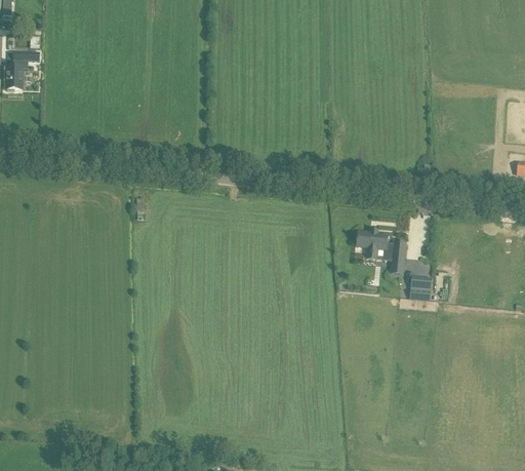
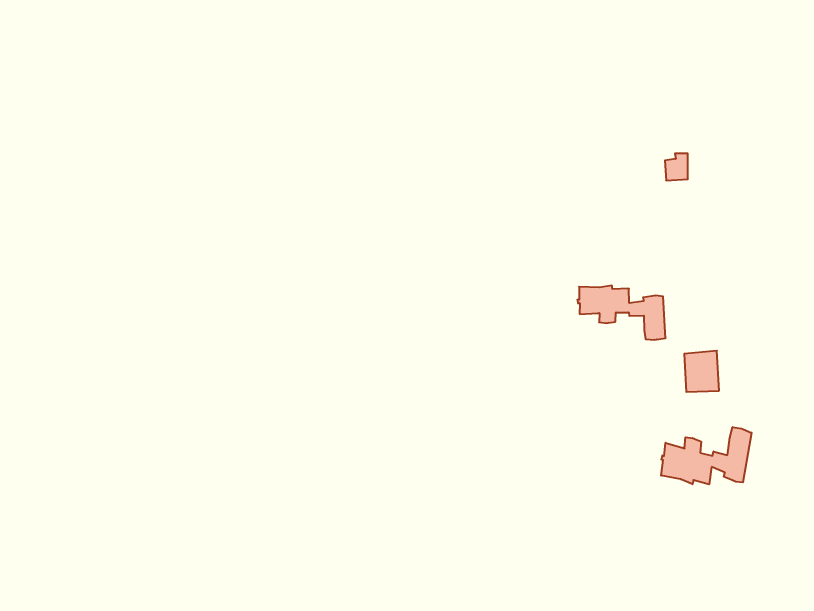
building: none -> [661,427,752,484]

